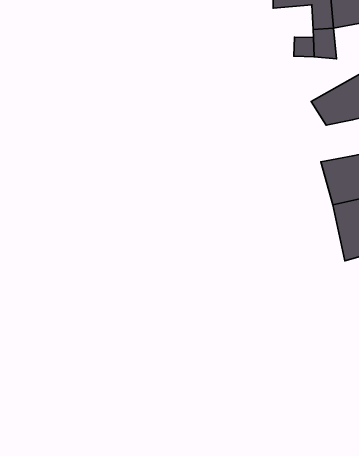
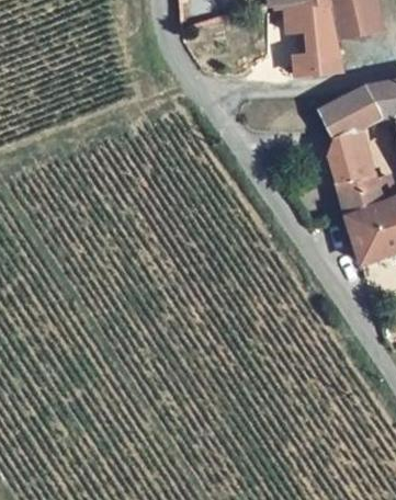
building: none -> [328,129,362,173]

